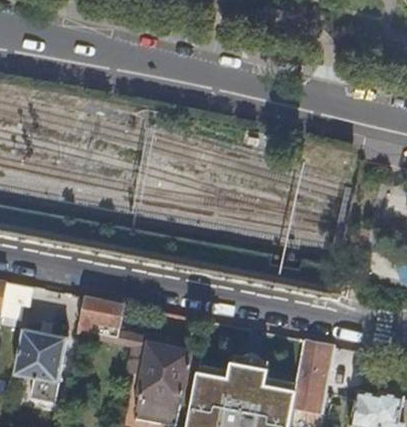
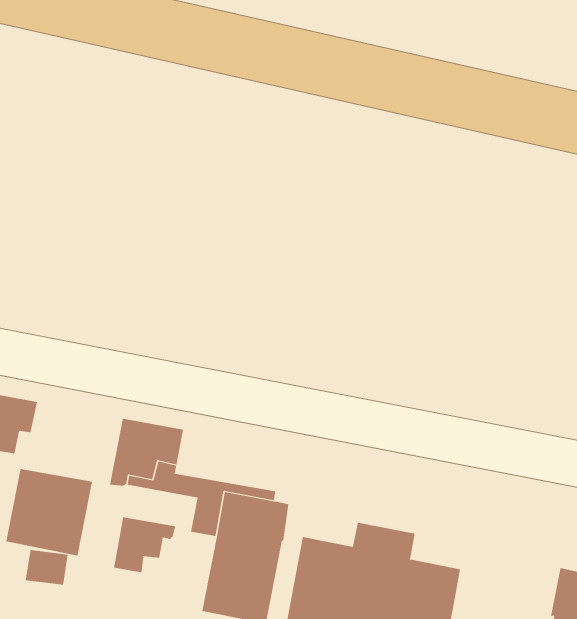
building: [292,341,333,416] -> none
building: none -> [113,517,176,573]

